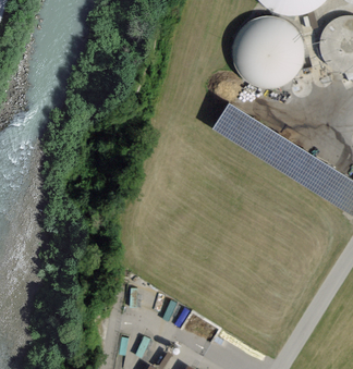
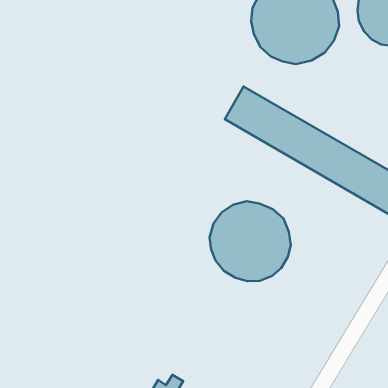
building: none -> [209,201,291,281]

